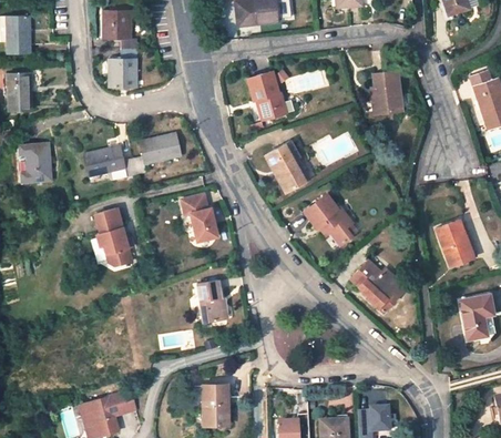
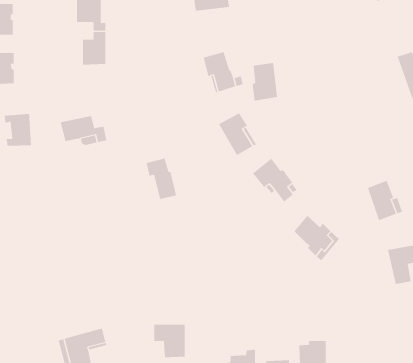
building: [371,70,401,114] -> [252,63,278,101]
building: [134,133,181,174] -> none
building: [94,206,133,265] -> none
building: [197,281,223,320] -> none

